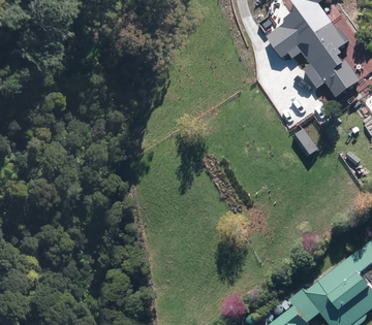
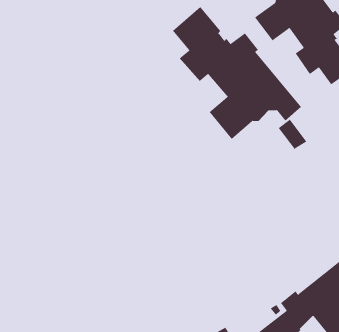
building: none -> [172,6,302,140]

